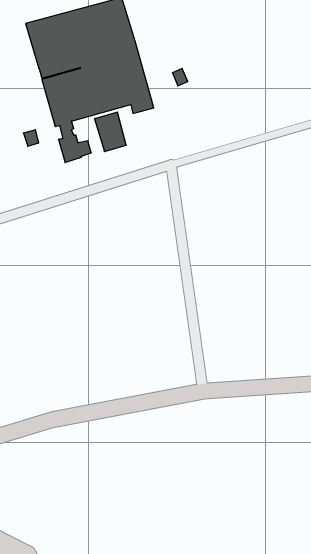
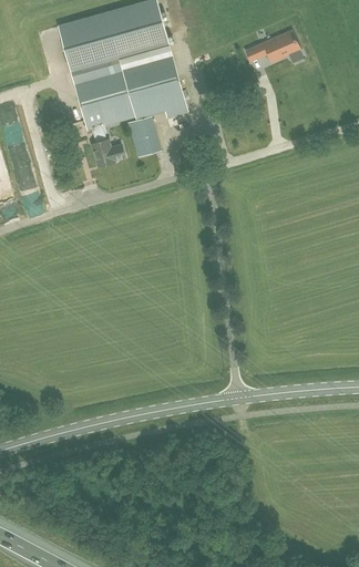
building: none -> [252,30,299,58]

